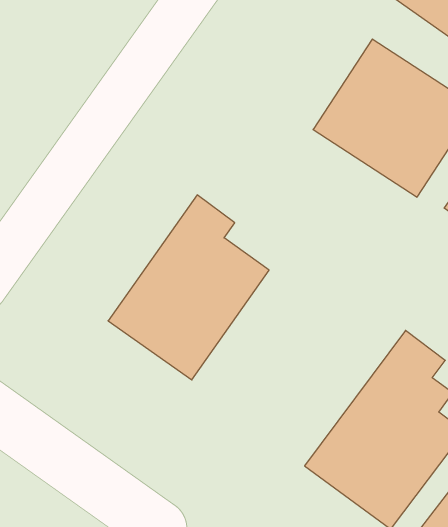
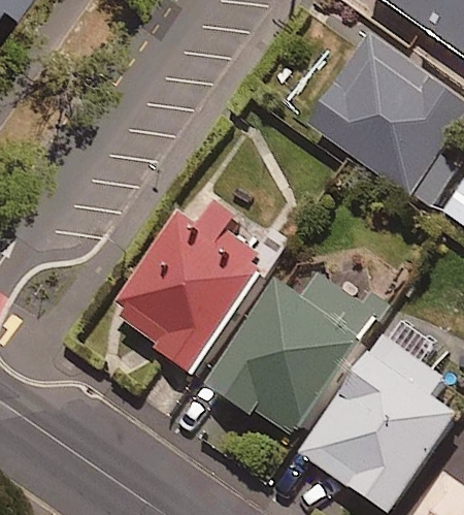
building: none -> [203,267,372,434]

